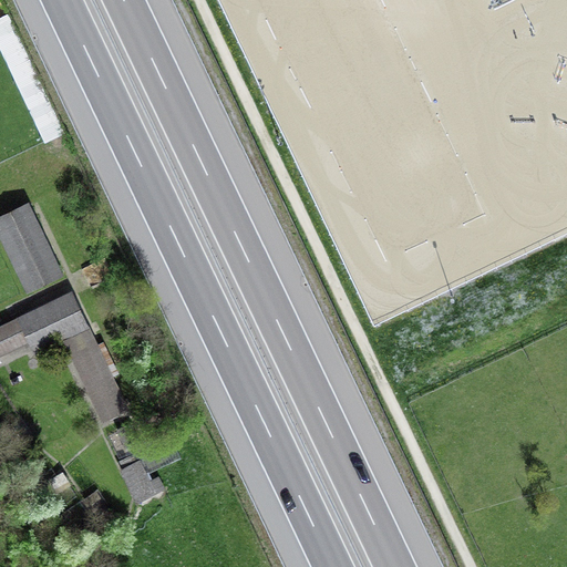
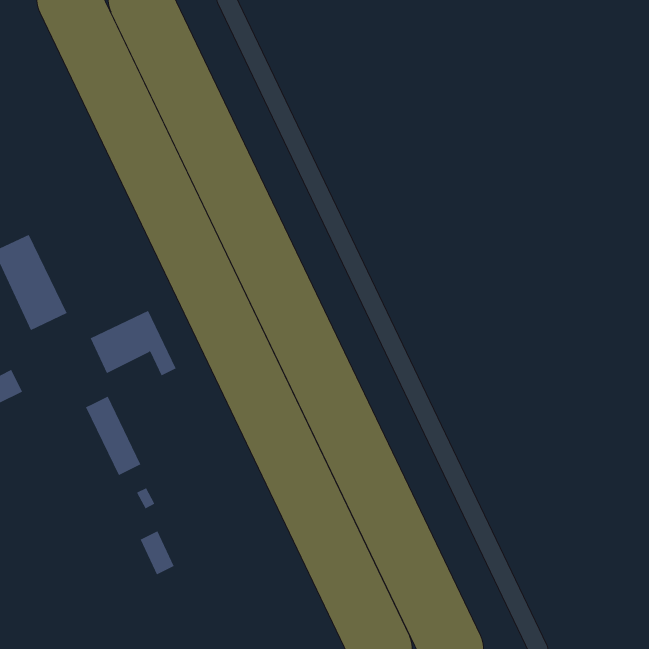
building: [19,293,94,351] -> [90,310,176,376]

